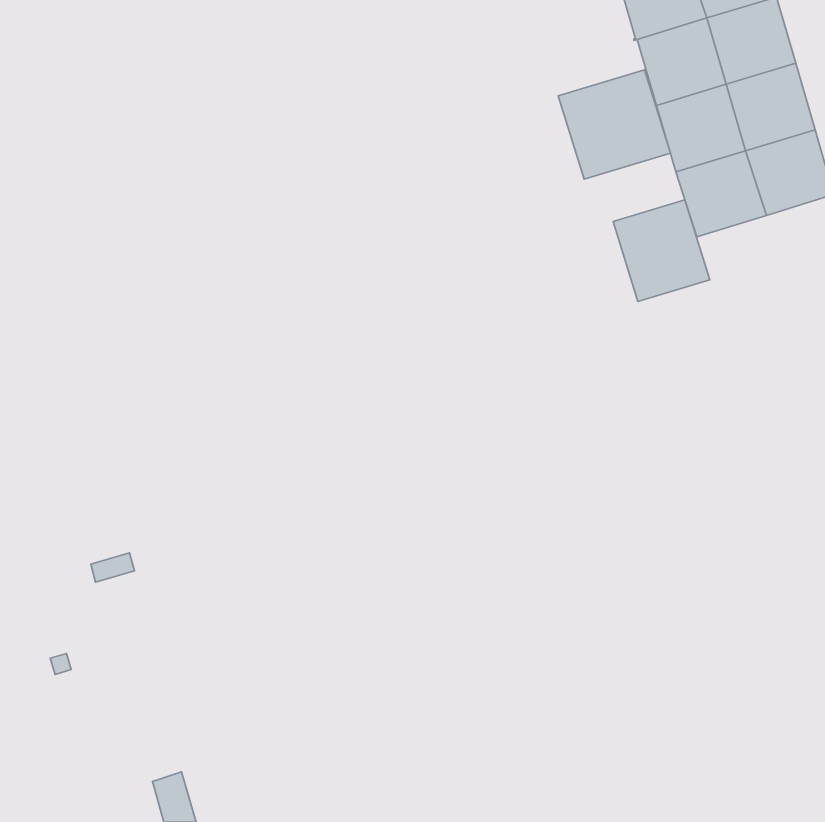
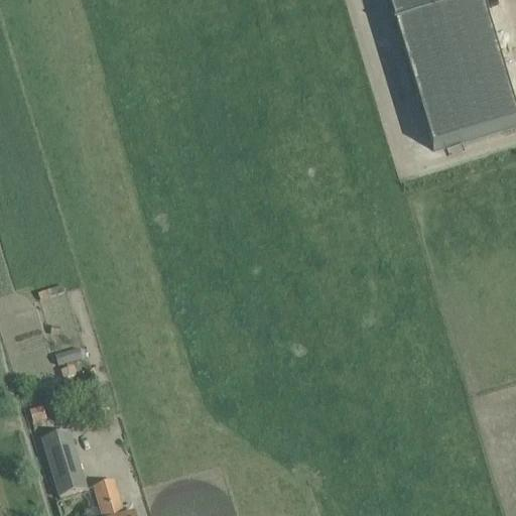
building: [558,70,670,179] -> none
building: [613,200,710,302] -> none
building: none -> [42,430,90,497]

